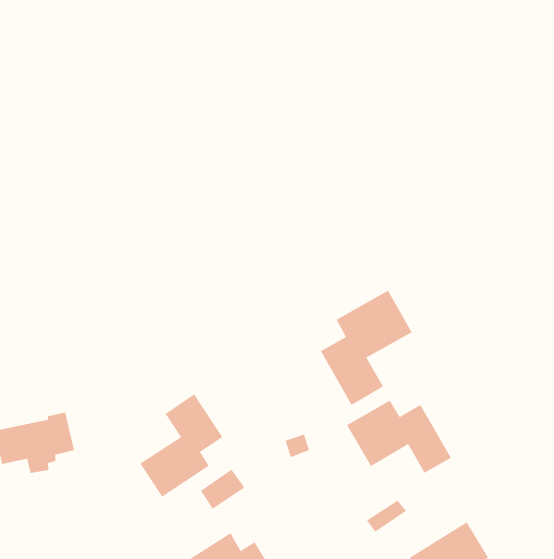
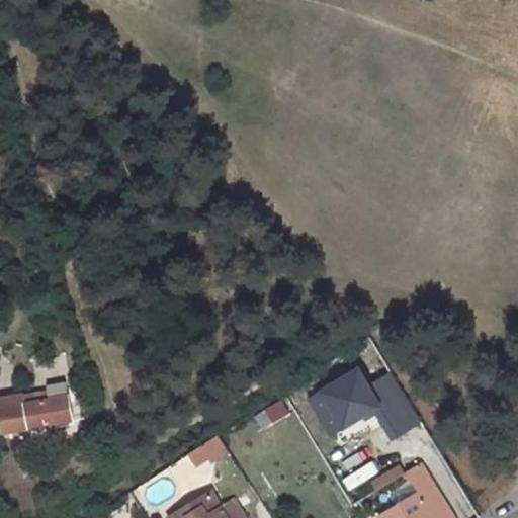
building: [320,290,412,406] -> none
building: [140,394,223,497] -> none

